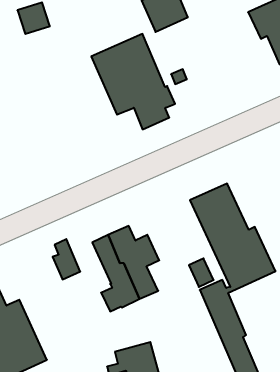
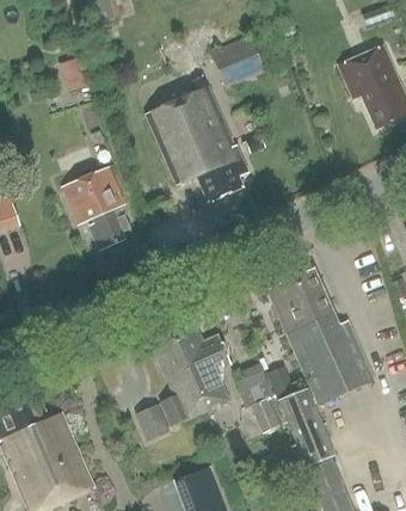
building: none -> [62,168,131,256]
building: [53,239,80,279] -> [134,390,167,439]
building: none -> [230,356,282,432]

